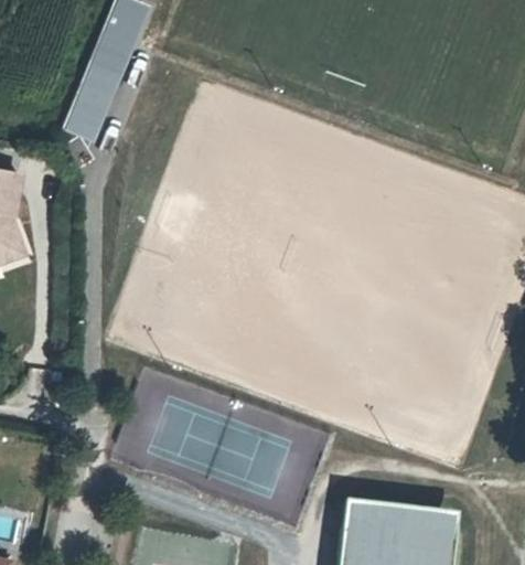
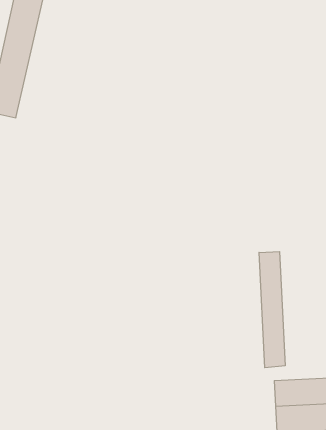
building: none -> [259,252,285,368]

